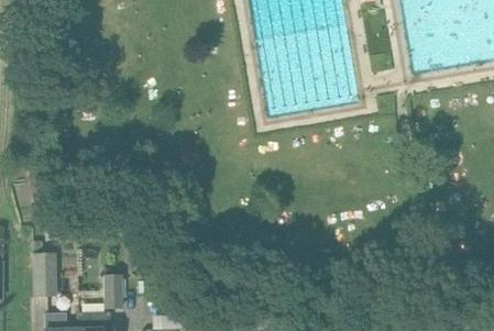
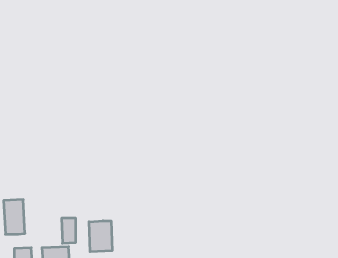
building: none -> [89,221,112,252]

